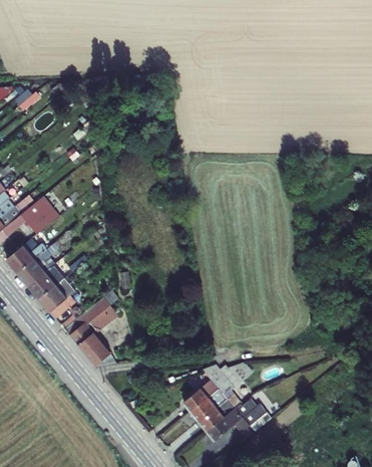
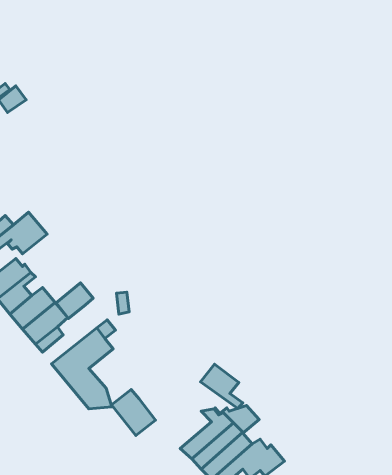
building: none -> [56,283,93,318]
building: none -> [201,364,243,408]
building: none -> [111,390,155,435]

